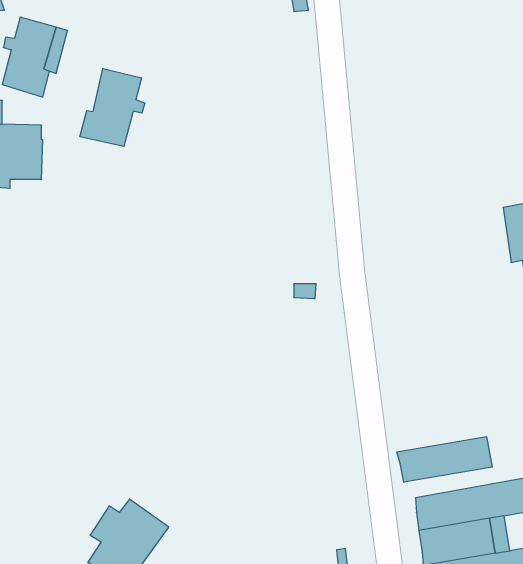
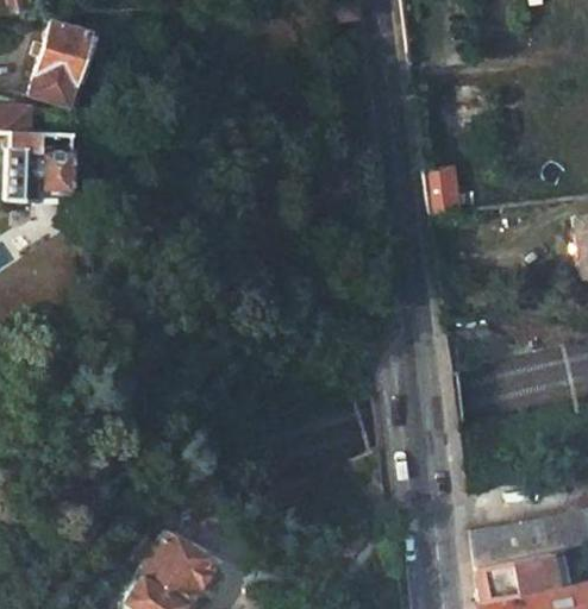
building: [80,68,145,146] -> none
building: none -> [423,168,457,212]
building: [397,437,492,482] -> none

